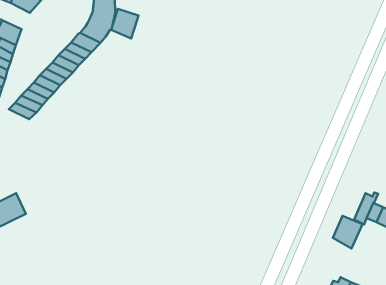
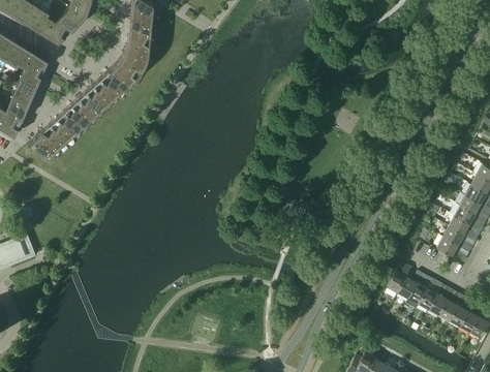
building: [111,9,139,38] -> none
building: [333,216,362,249] -> none

